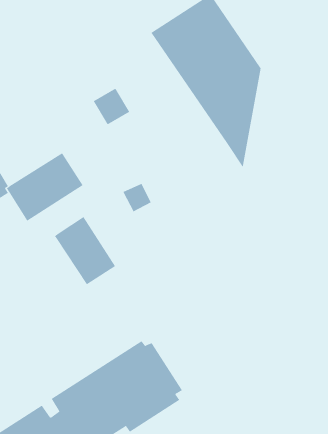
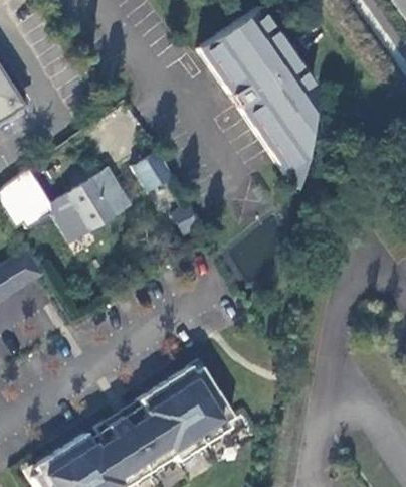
building: [93,88,130,125] -> [132,151,171,190]
building: [54,216,116,285] -> none

